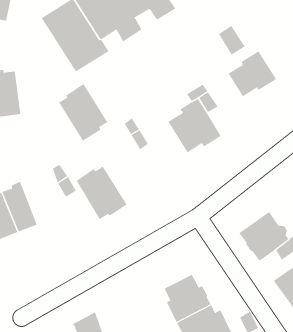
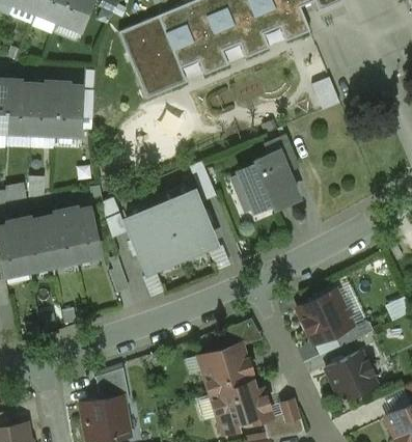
building: [228,51,277,97] -> none
building: [58,83,108,142] -> [160,191,212,255]
building: none -> [65,206,100,260]

